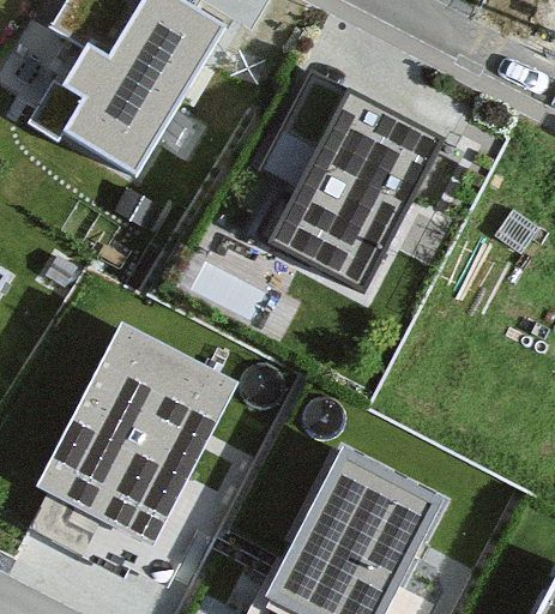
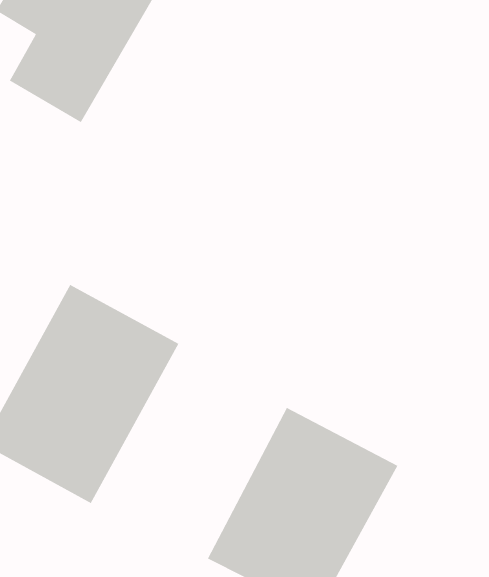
building: [263,90,436,293] -> none

